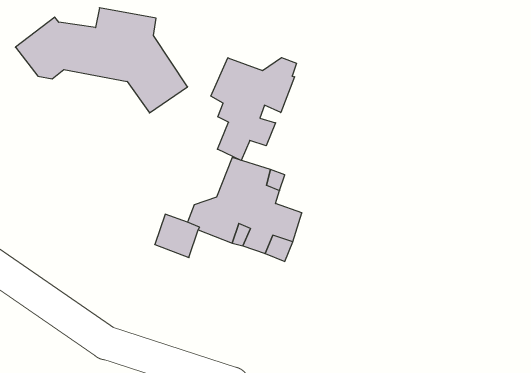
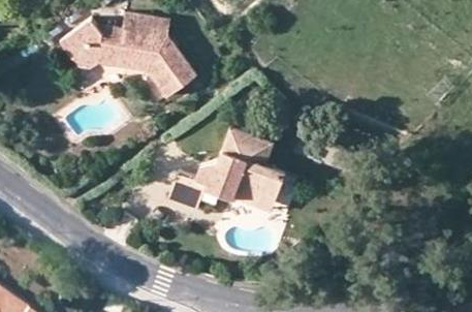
building: [211,58,296,160] -> none

